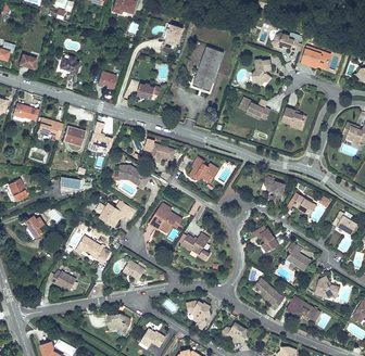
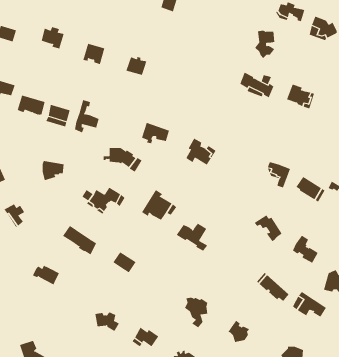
building: [192,46,224,91] -> none

